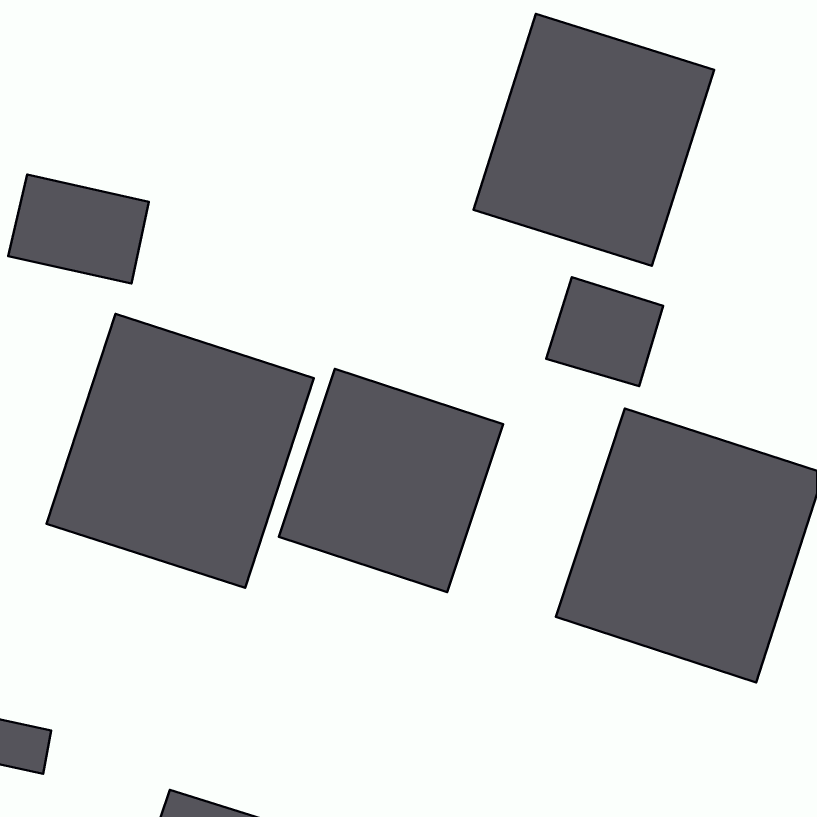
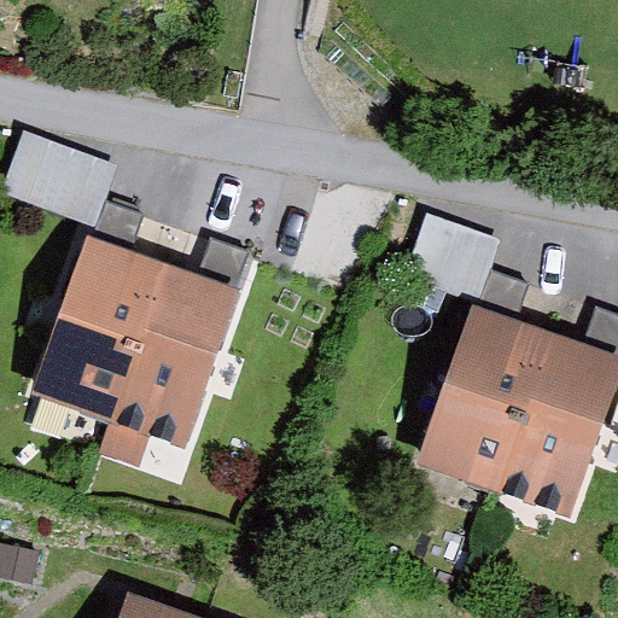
building: [474,14,714,266] -> none
building: [279,369,503,592] -> none

